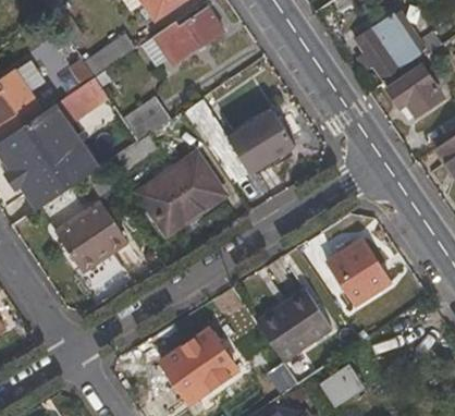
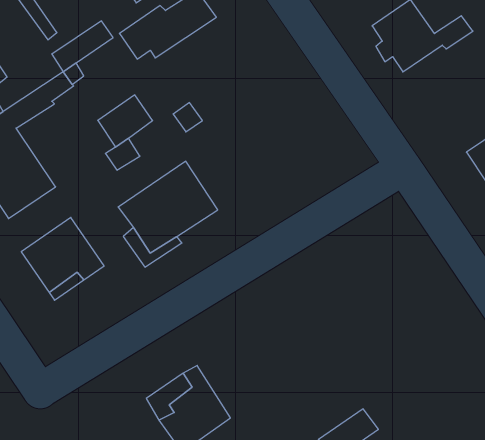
building: [386,61,443,119] -> none
building: [228,110,294,173] -> none
building: [327,236,392,306] -> none
building: [258,289,332,359] -> none

